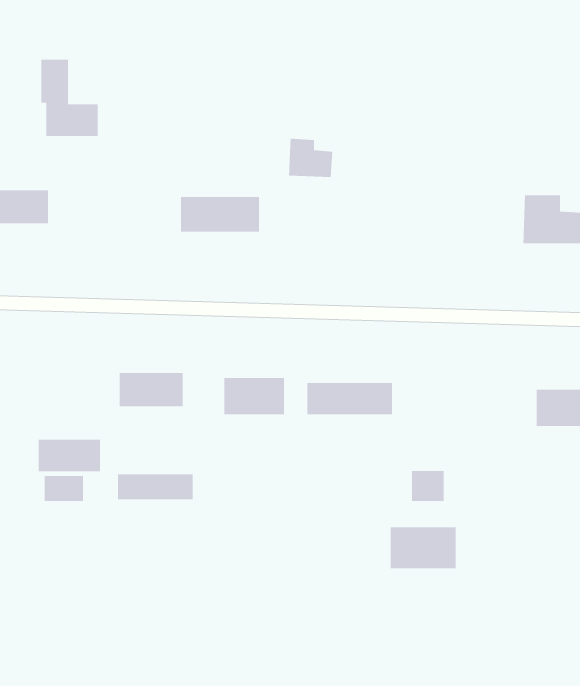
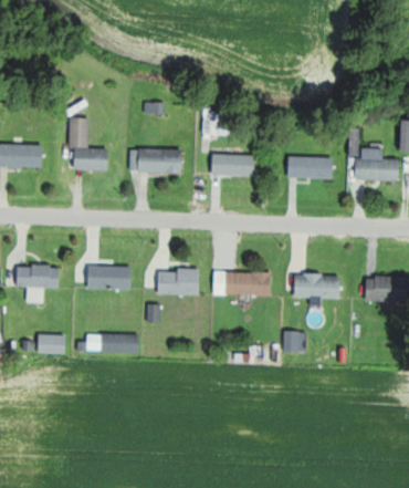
building: [40,59,99,137] -> [69,118,107,170]
building: none -> [211,155,253,176]
building: none -> [287,157,332,177]
building: none -> [294,274,339,298]
building: [38,439,101,472] -> [17,266,59,288]
building: [390,527,456,569] -> none

